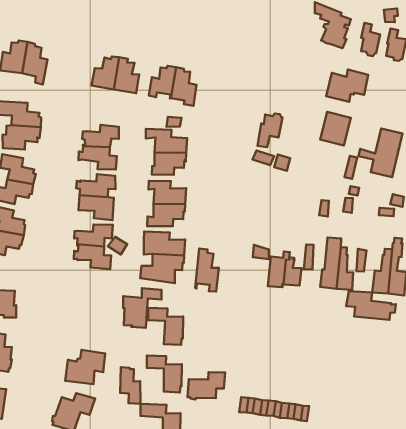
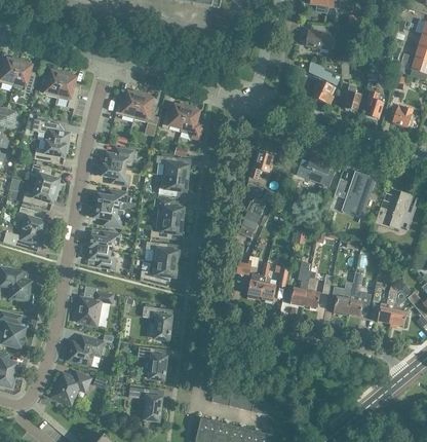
building: [326,70,368,102] -> none
building: none -> [238,197,266,237]
building: [195,249,219,291] -> none
building: [123,288,162,328] -> [78,291,113,325]
building: [346,291,396,320] -> none
building: [120,367,141,404] -> none
building: [187,372,225,399] -> none

